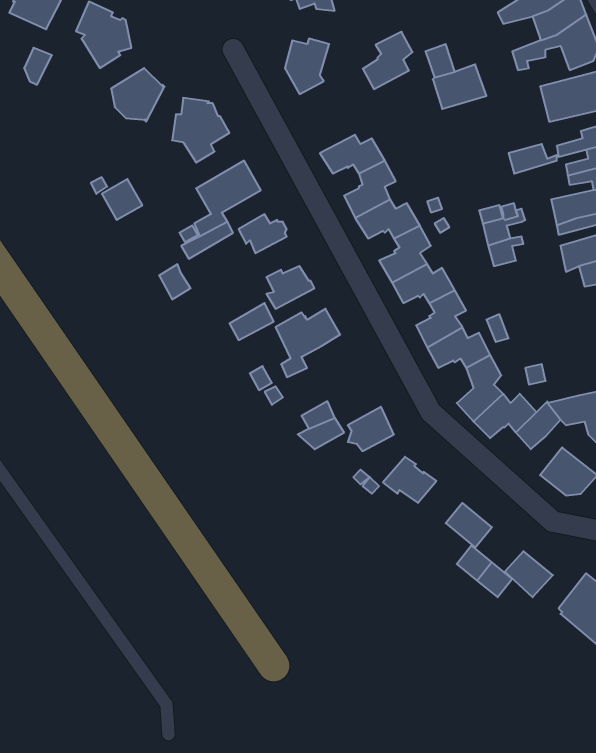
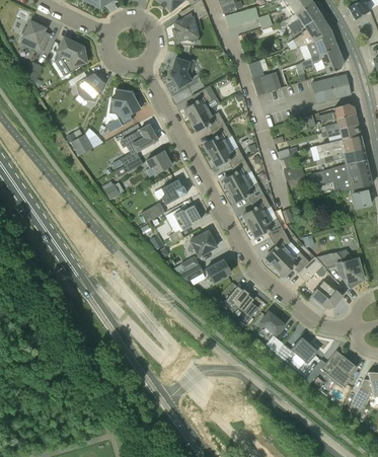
building: [363,32,413,89] -> [184,88,212,120]
building: none -> [190,231,217,256]

